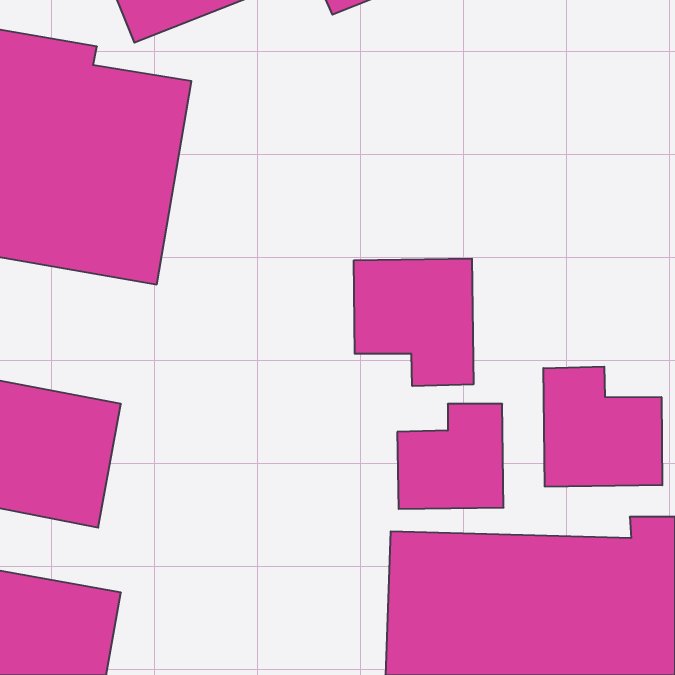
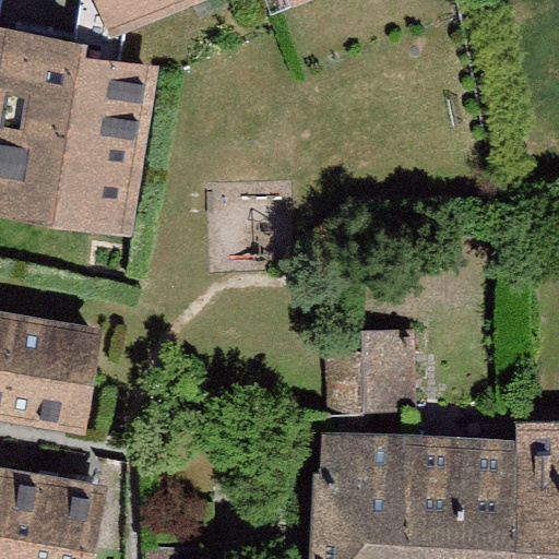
building: [354,259,473,386] -> none
building: [543,367,662,487] -> none

